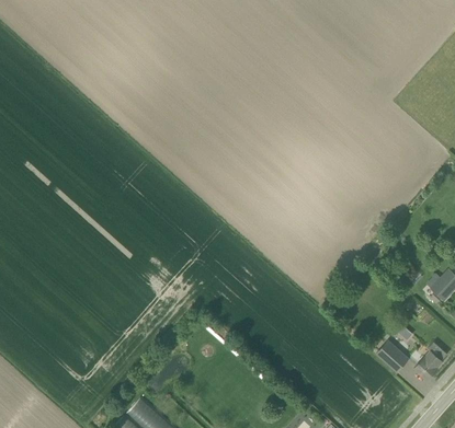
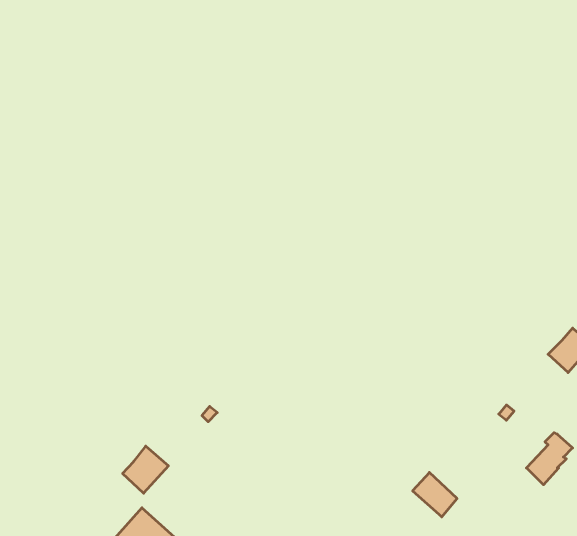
building: [376,340,408,372] -> [413,472,457,517]
building: none -> [123,446,168,493]

